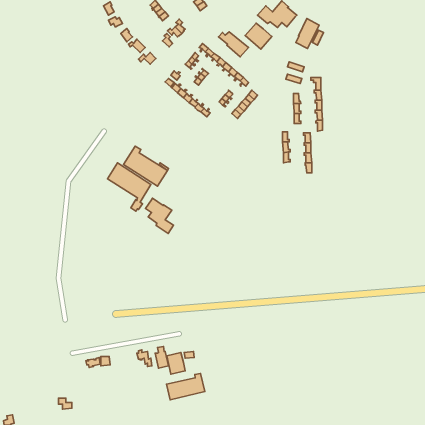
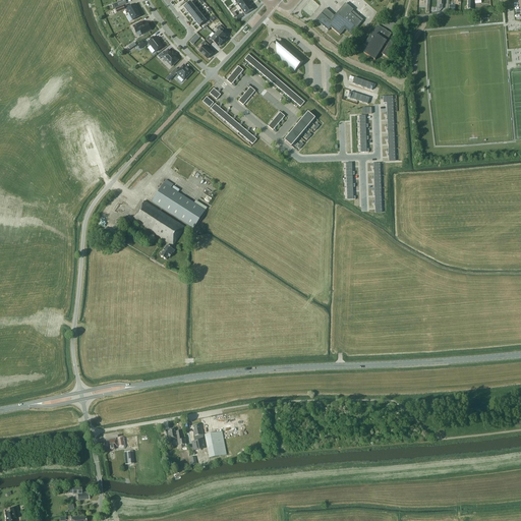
building: [245,23,272,49] -> none
building: [145,198,174,234] -> none
building: [167,373,205,400] -> none

